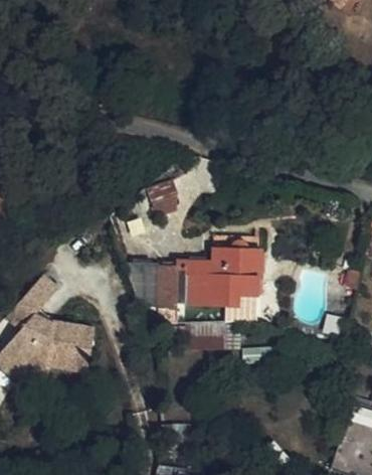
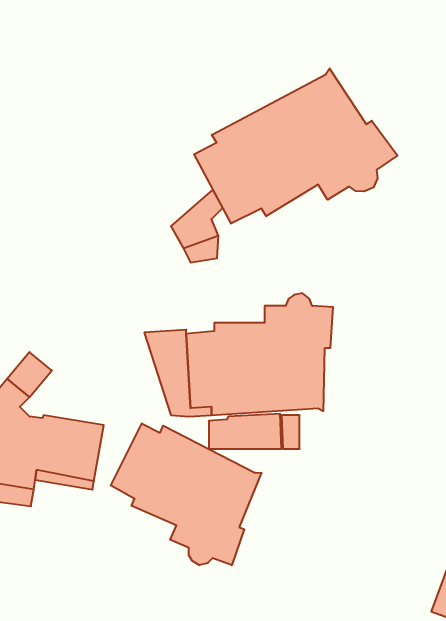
building: none -> [194,68,397,224]
building: none -> [111,423,261,565]

